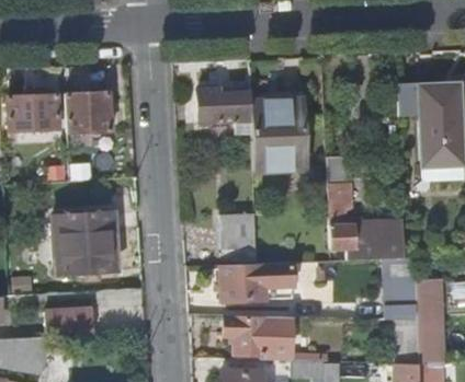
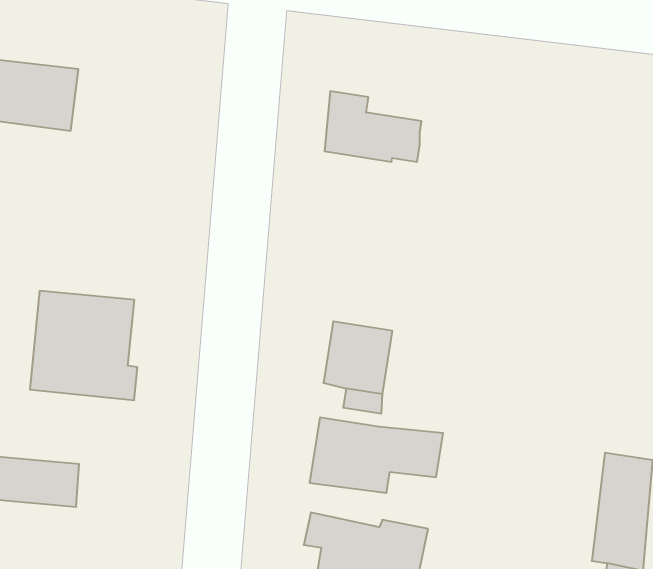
building: [66,90,111,137] -> none
building: [254,96,306,167] -> none
building: [330,166,405,261] -> none

